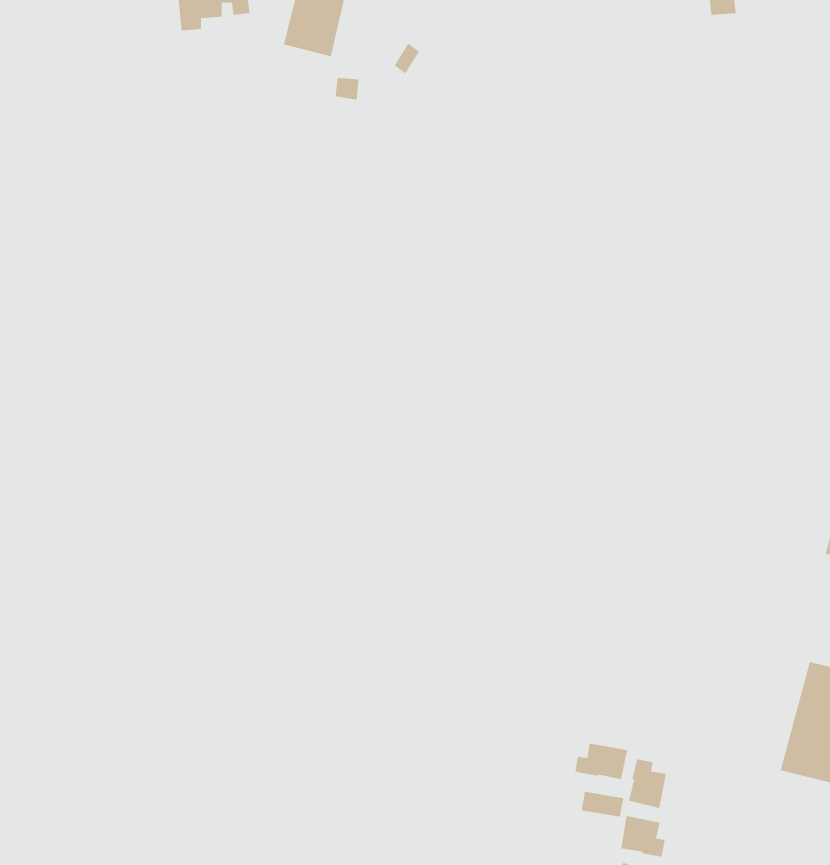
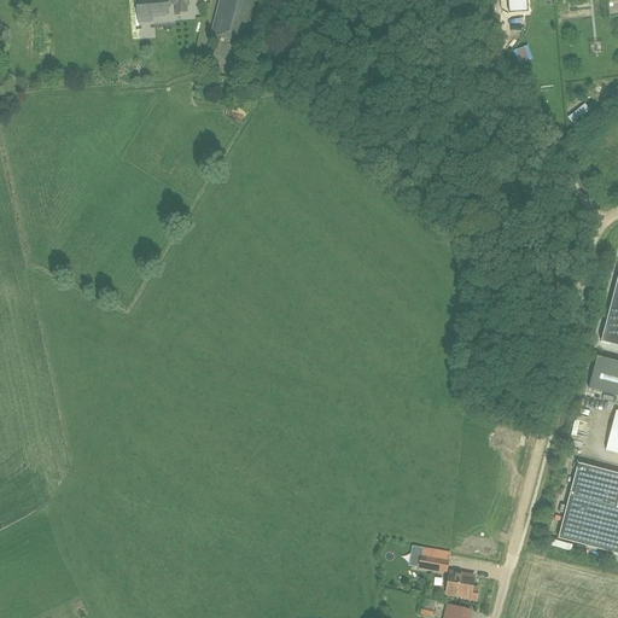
building: [575,743,628,780] -> none
building: [629,759,667,809] -> none

